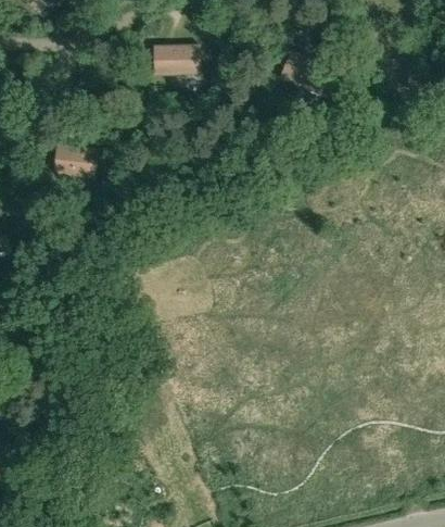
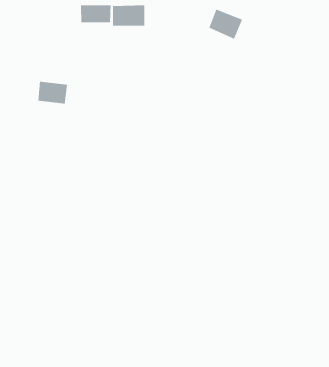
building: none -> [81,4,111,23]

